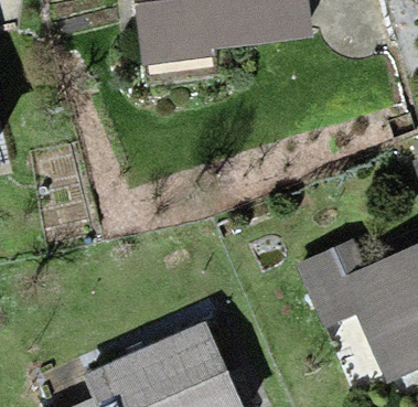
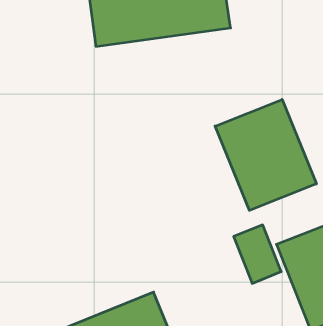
building: none -> [215,99,316,210]

